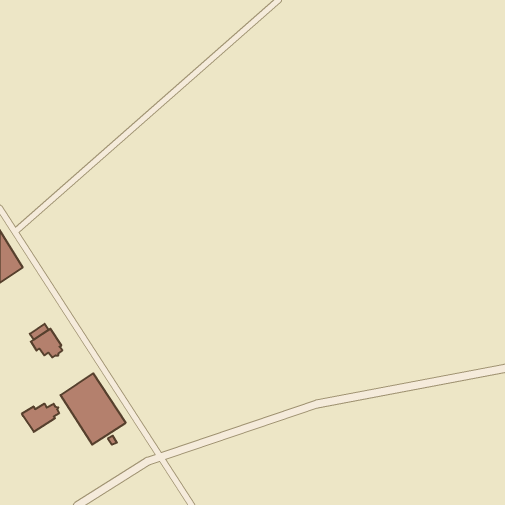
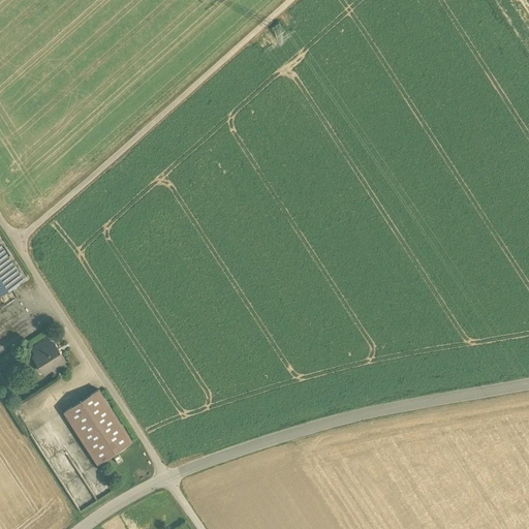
building: [22,404,59,432] -> none

